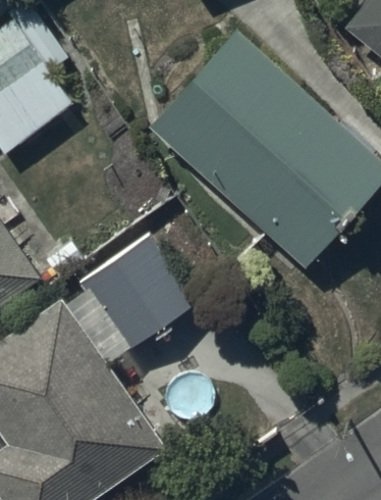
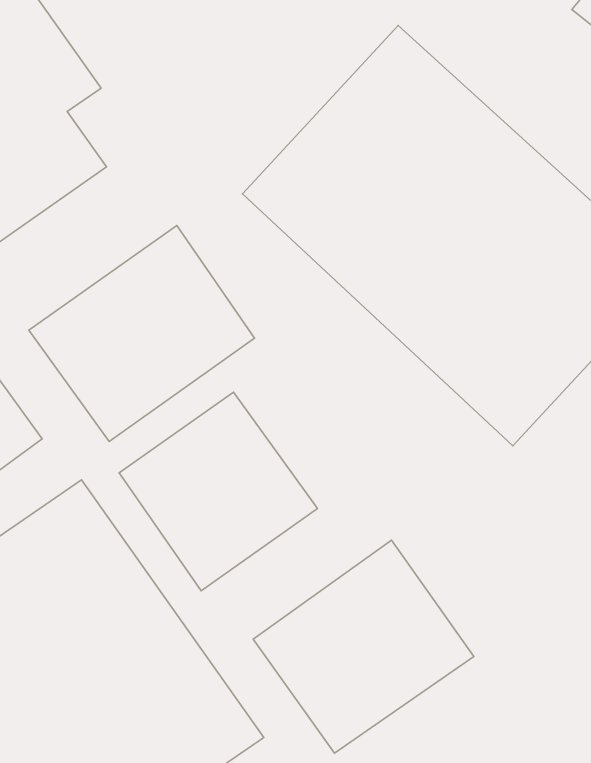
building: none -> [29,225,255,442]
building: none -> [253,540,474,753]

